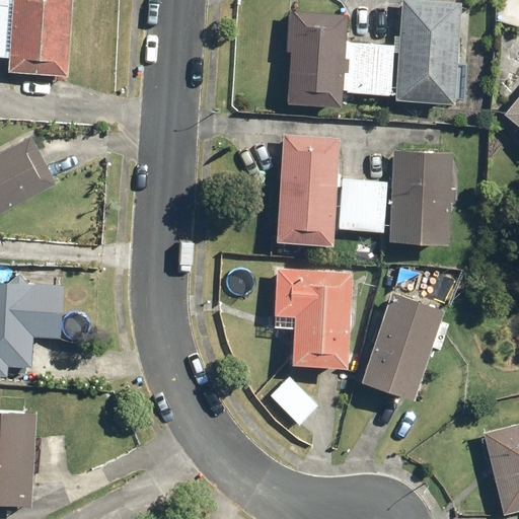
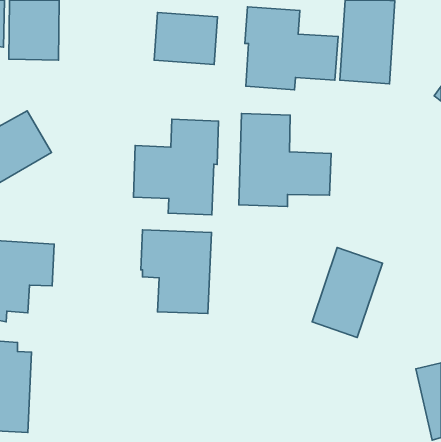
building: none -> [154,12,217,65]
building: none -> [134,119,219,215]
building: [389,154,452,242] -> none
building: [272,270,354,367] -> [141,230,211,314]

